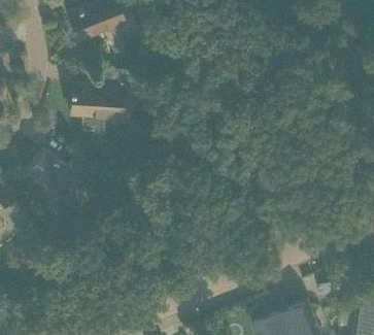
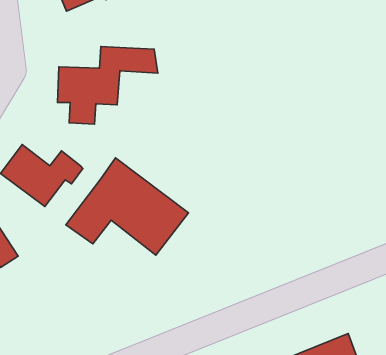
building: none -> [66,158,189,255]

